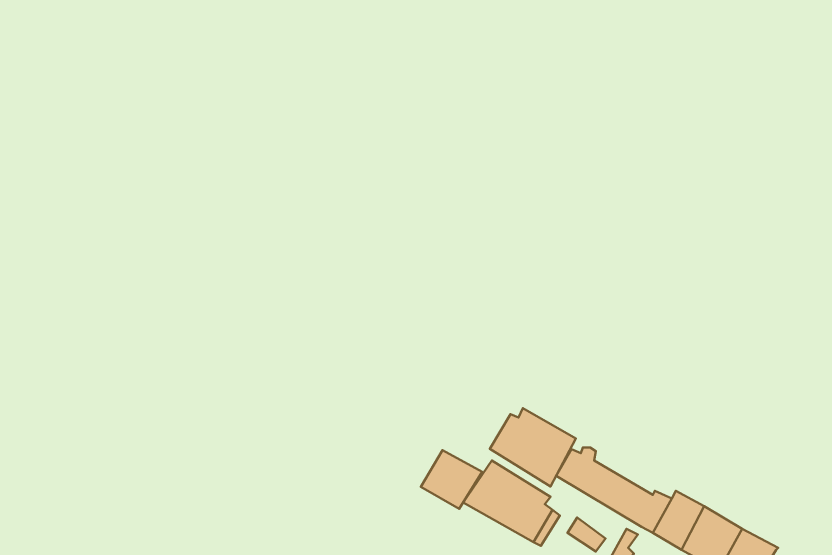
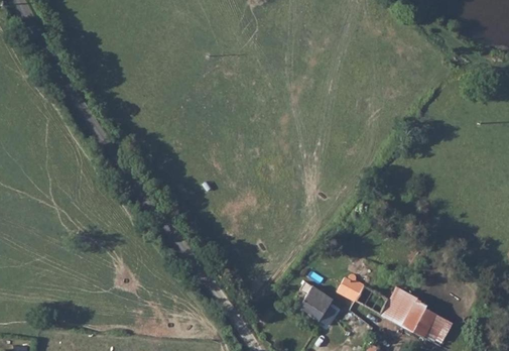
building: [490,408,576,487] -> none
building: [421,450,482,509] -> none

